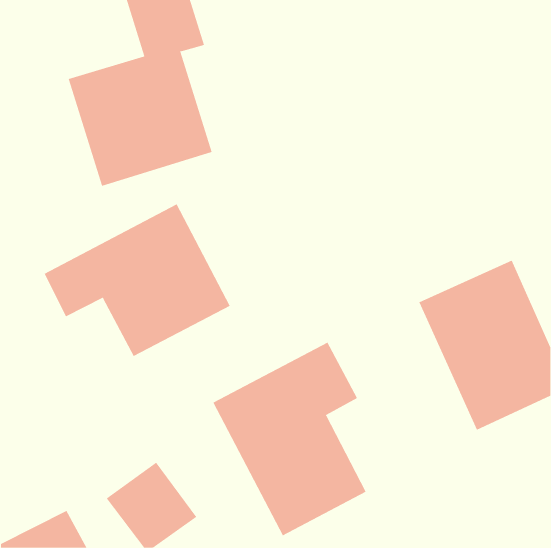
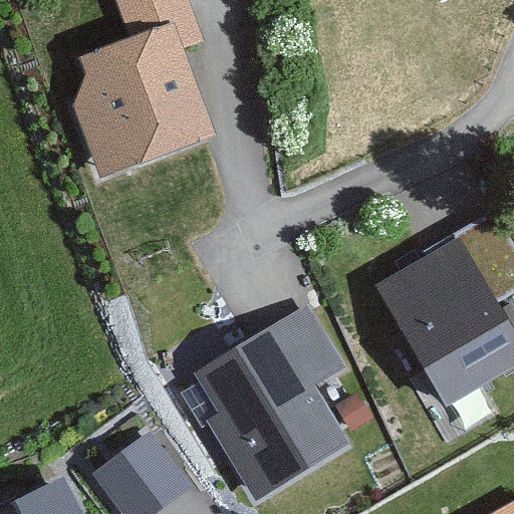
building: [44,204,231,357] -> none

